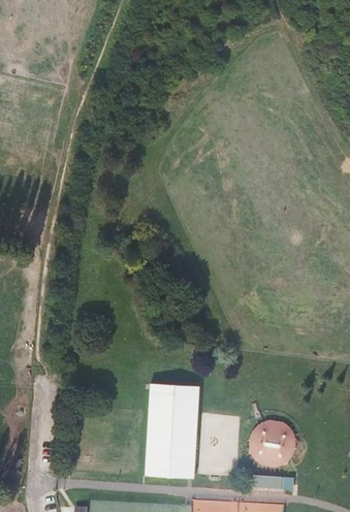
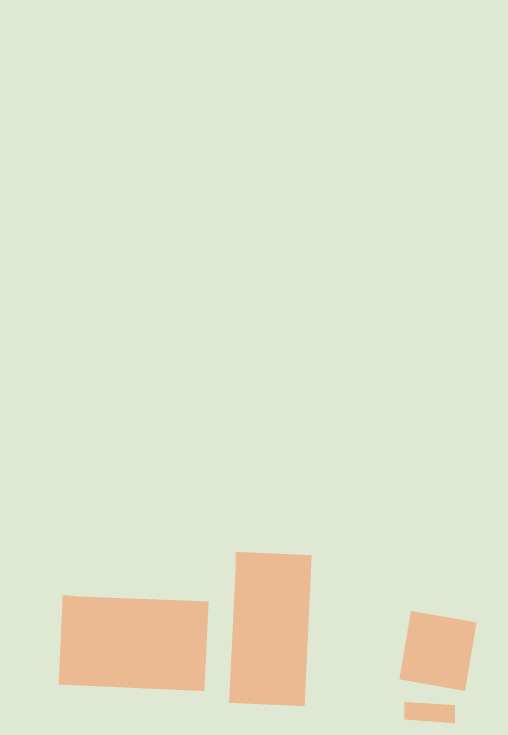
building: none -> [58,594,209,692]

